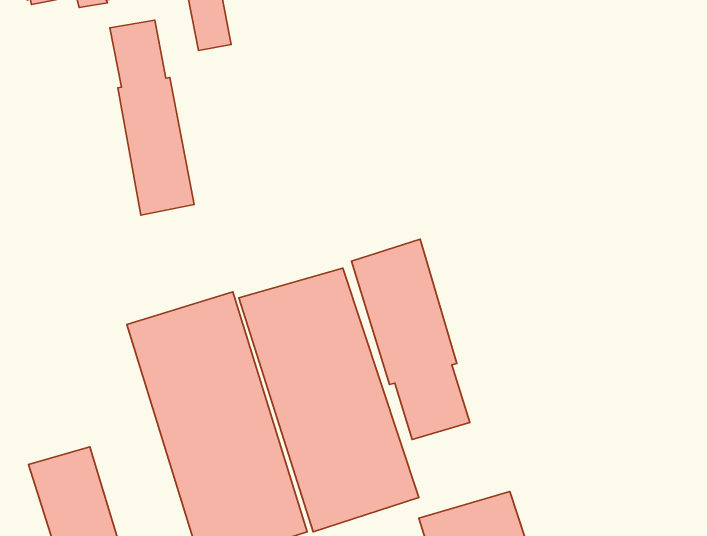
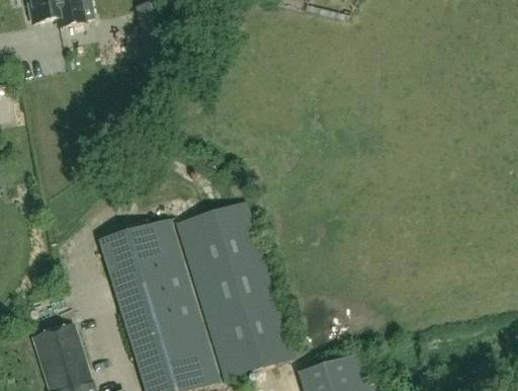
building: [110,20,194,215] -> none
building: [351,239,470,439] -> none

